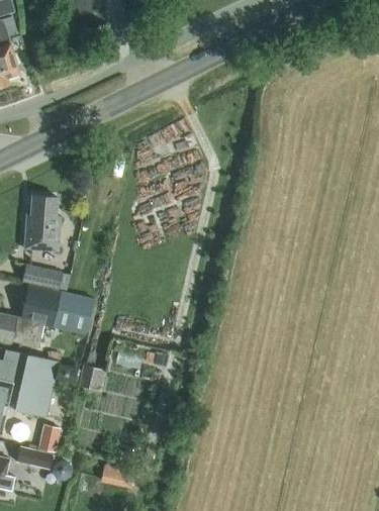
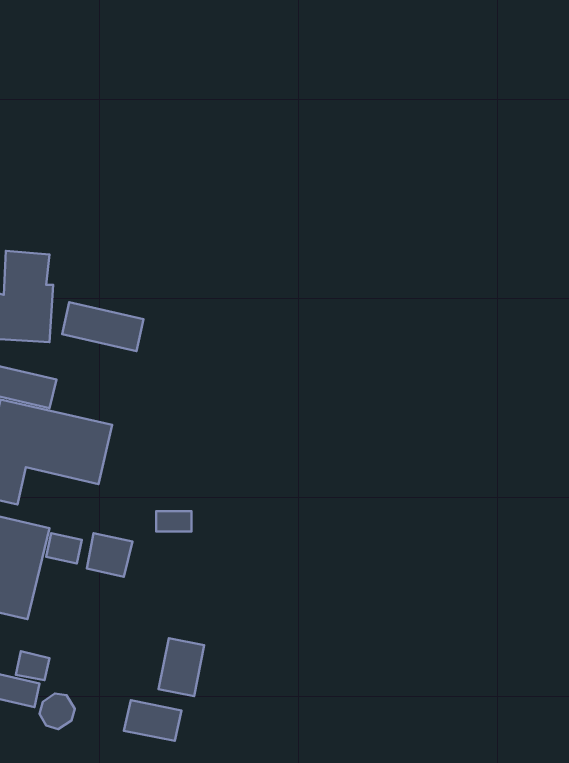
building: none -> [62,302,144,351]
building: none -> [158,638,204,696]

